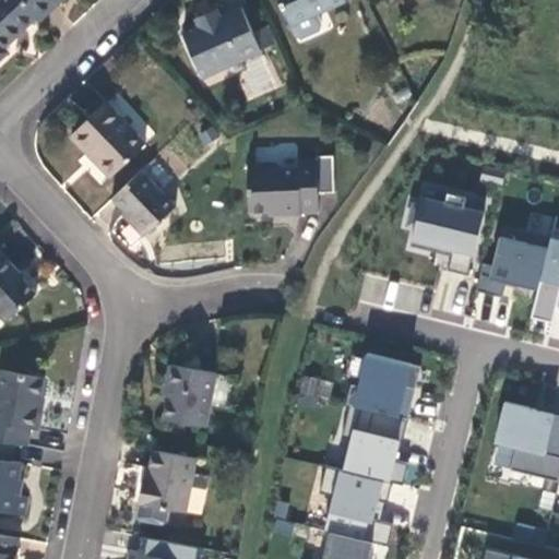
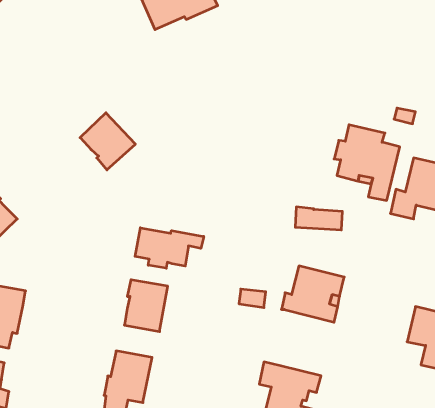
building: [70,104,143,178] -> none
building: [247,156,332,215] -> none
building: none -> [135,228,204,268]
building: [343,402,409,483] -> none

